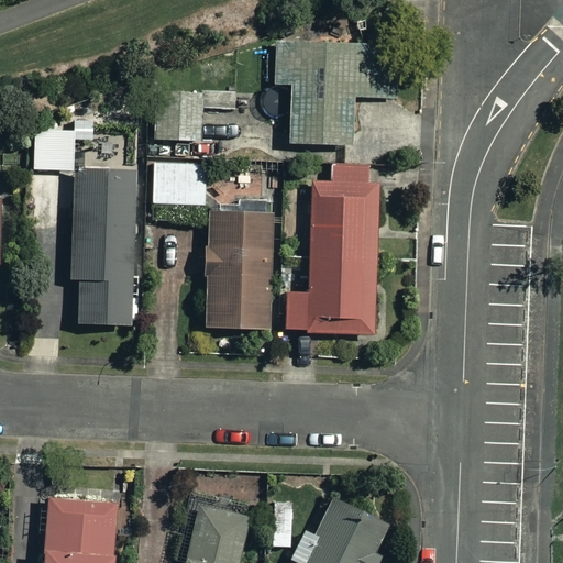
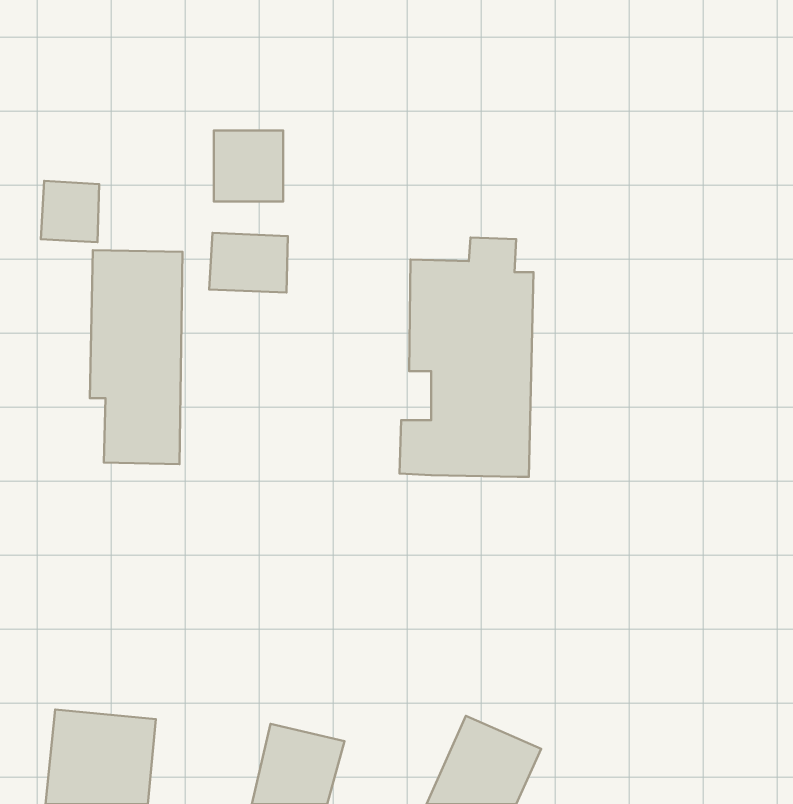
building: [280,42,390,144] -> none
building: [208,213,272,328] -> none

